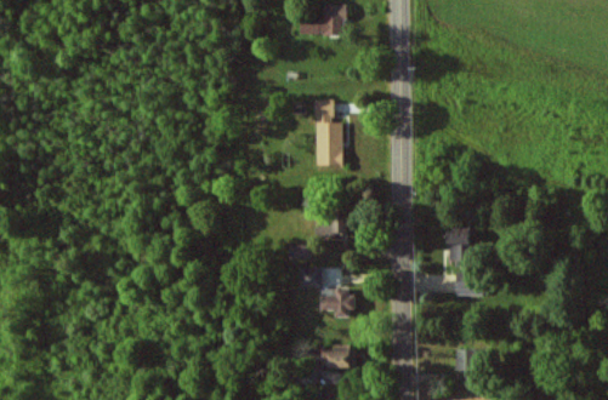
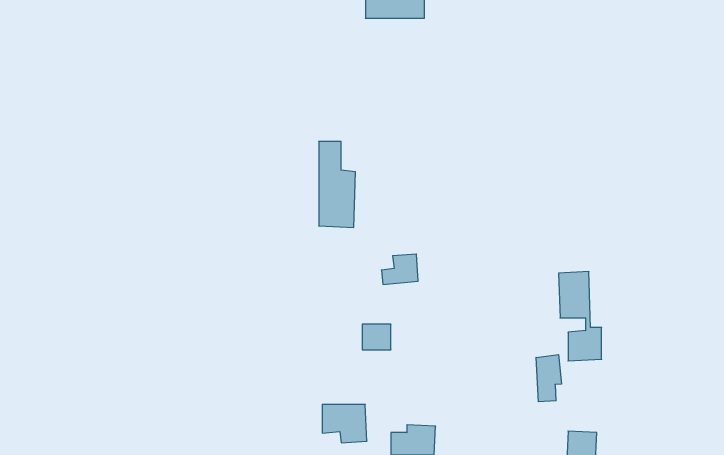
building: [316,99,343,165] -> [319,141,355,227]
building: [320,287,354,316] -> [322,404,367,443]
building: none -> [536,355,561,402]

